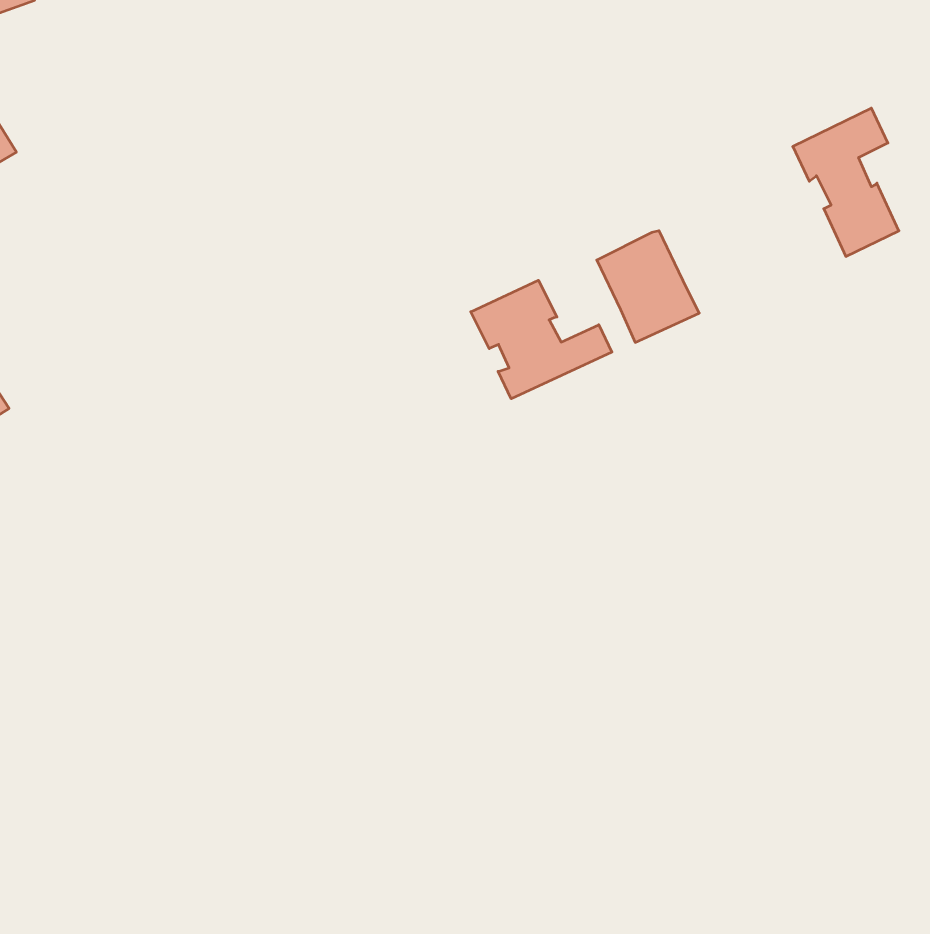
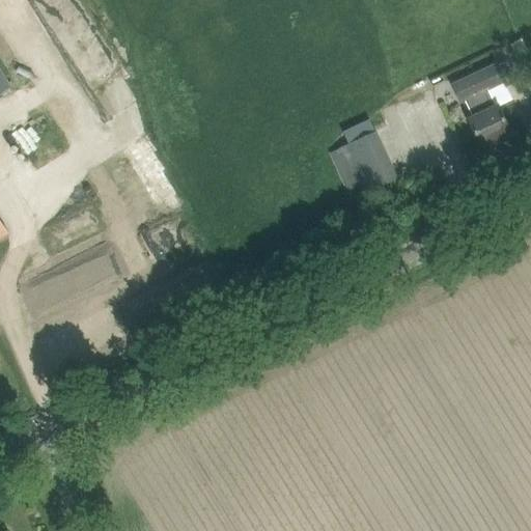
building: [471,280,612,399] -> none

